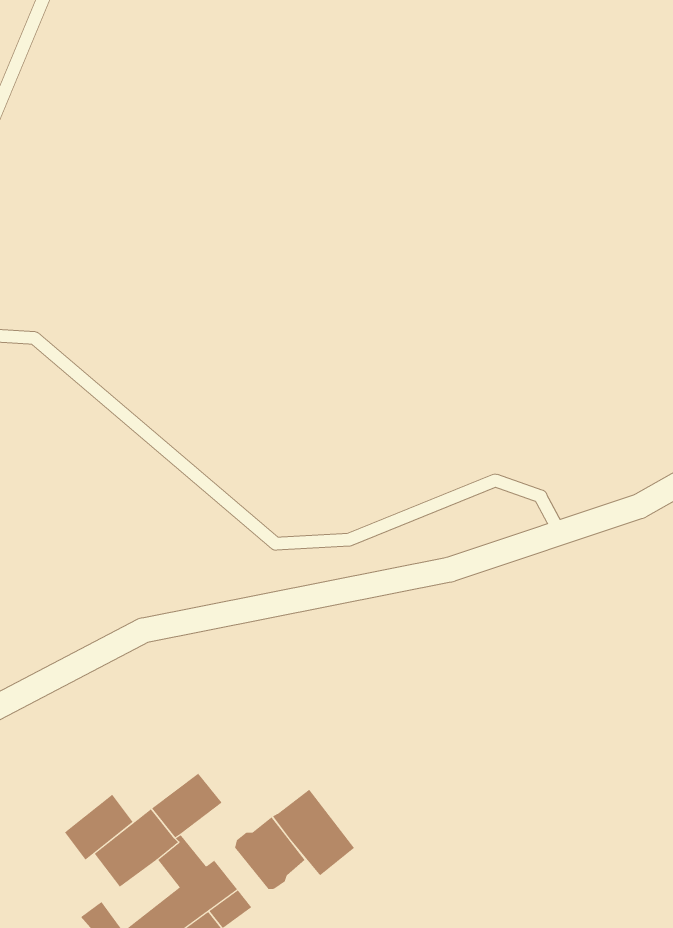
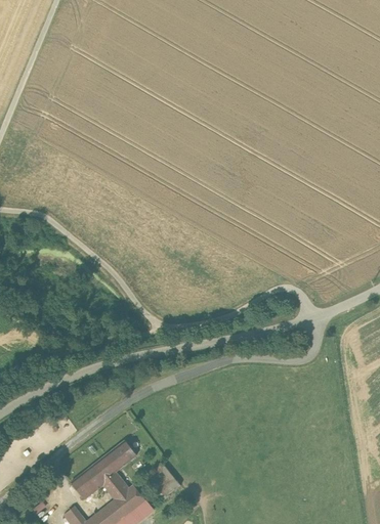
building: [272,789,355,876] -> none
building: [64,794,133,861] -> none

